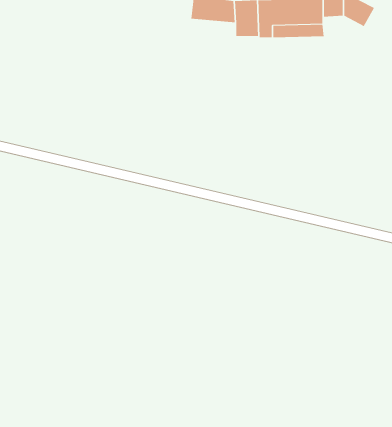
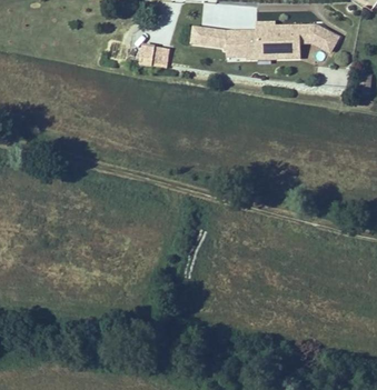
building: none -> [139,44,171,66]

